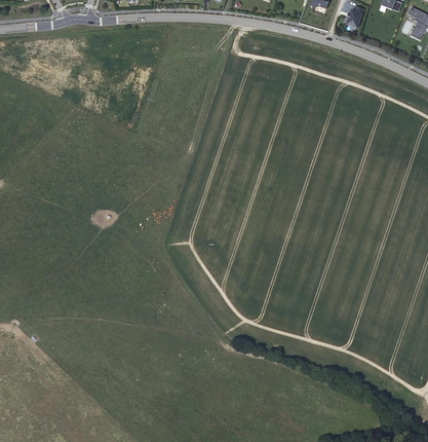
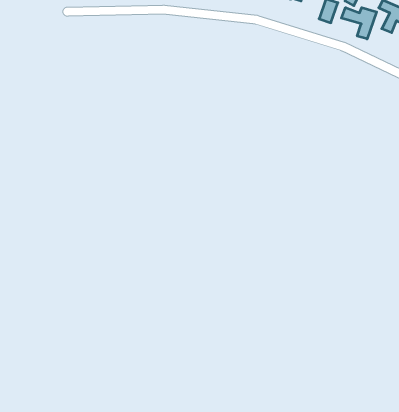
building: none -> [341,8,377,39]

